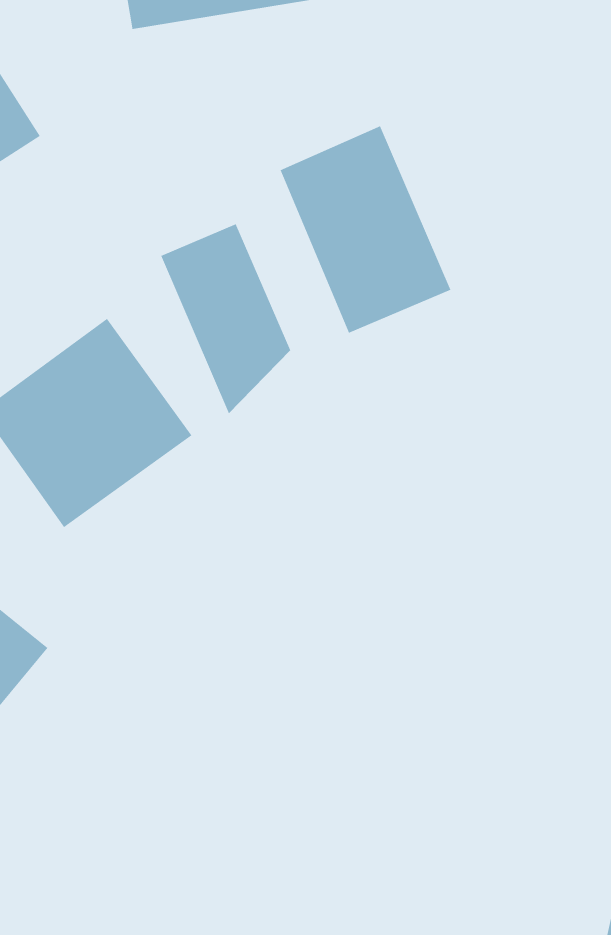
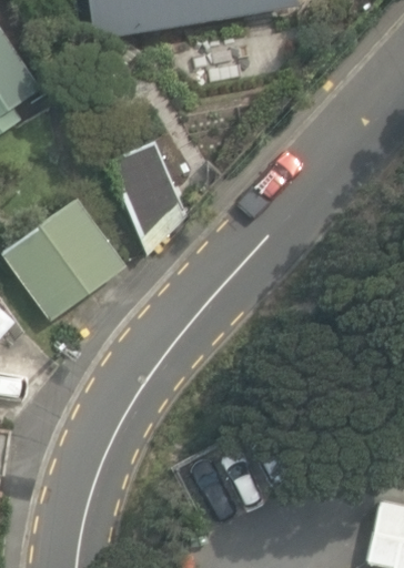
building: [279,125,451,334] -> none

